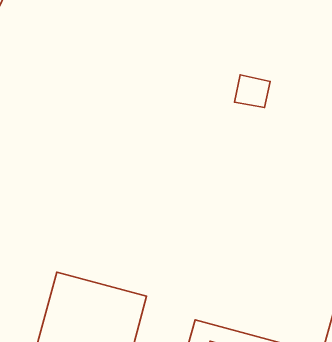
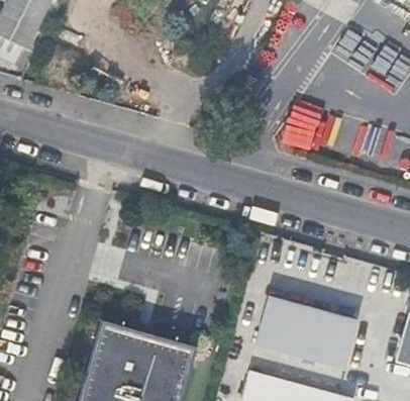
building: none -> [247,295,352,368]

